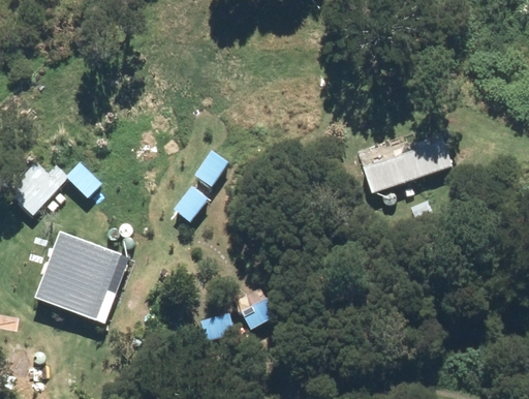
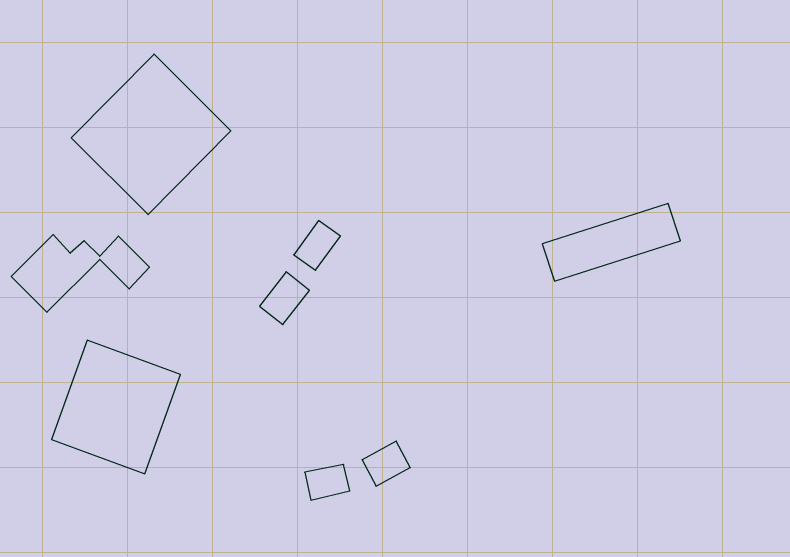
building: none -> [71,54,231,215]

